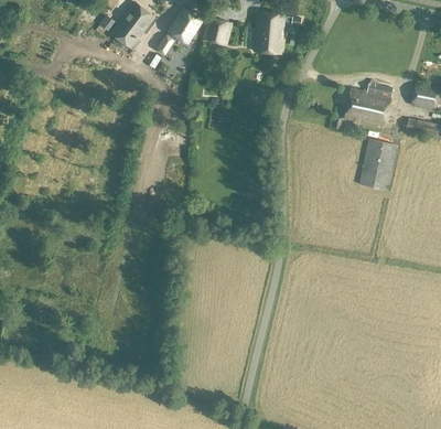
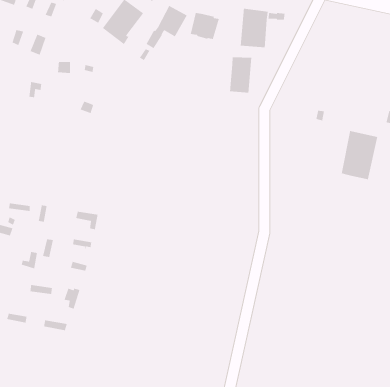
building: none -> [229,57,252,93]
building: [344,82,391,125] -> none

